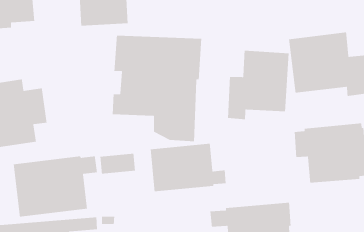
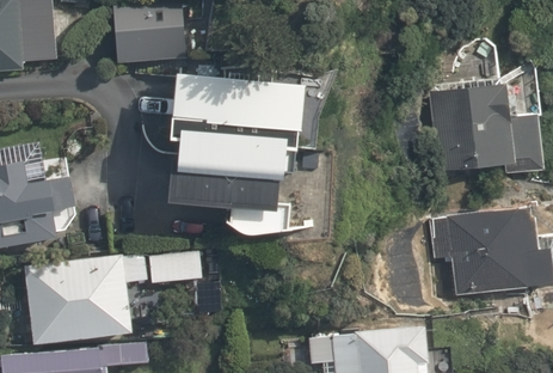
building: [227,50,289,120] -> none
building: [150,143,227,192] -> none

